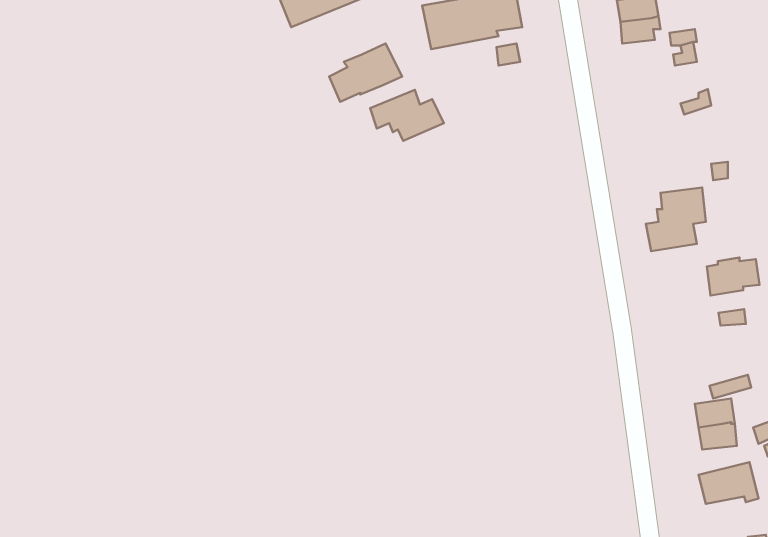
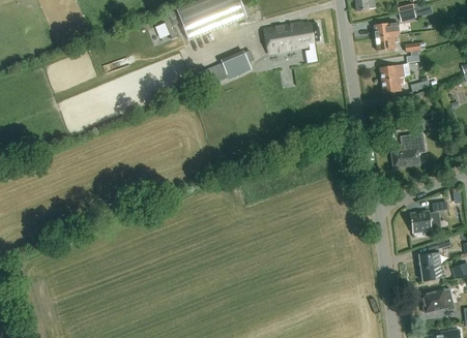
building: none -> [380,64,405,93]
building: [370,90,444,141] -> none
building: [707,257,760,296] -> [410,211,440,233]

